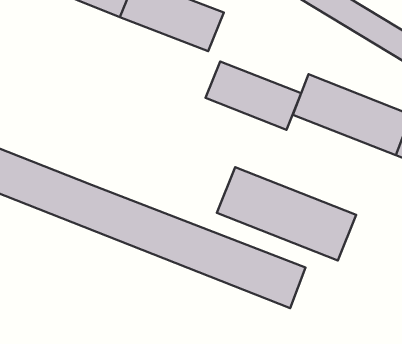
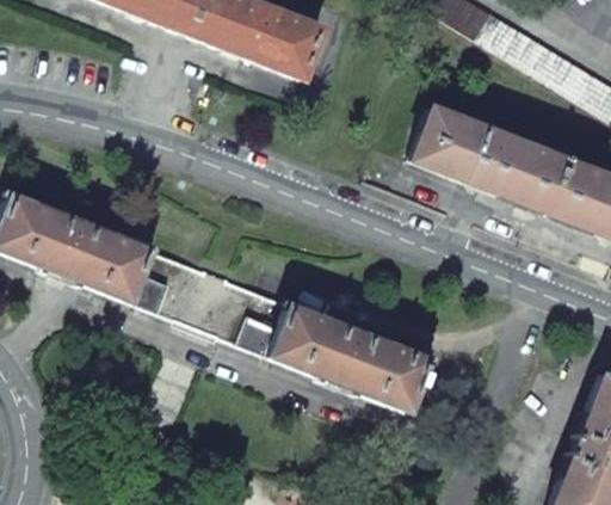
building: [206,61,301,130] -> none
building: [217,167,356,260] -> none

